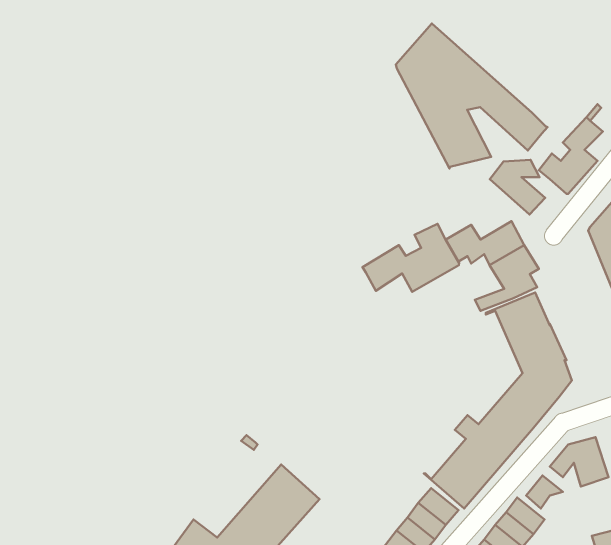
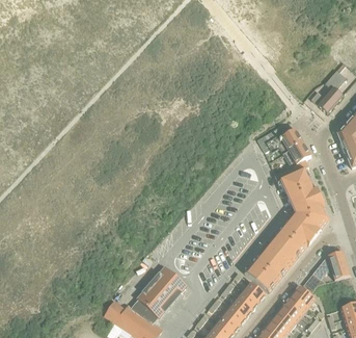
building: [396,24,547,168] -> none
building: [490,160,545,215] -> none
building: [362,224,459,292] -> none

